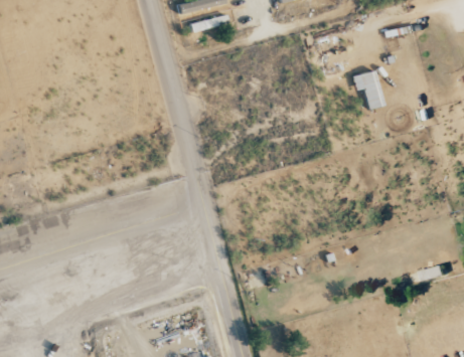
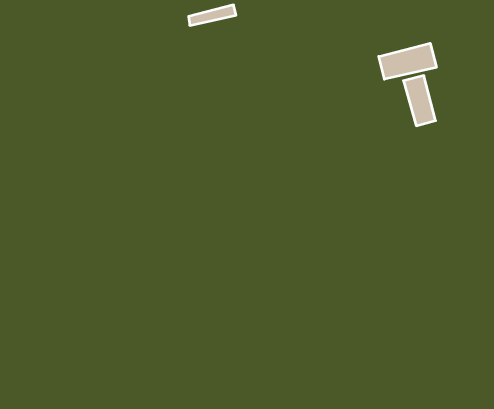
building: none -> [379,43,436,79]

